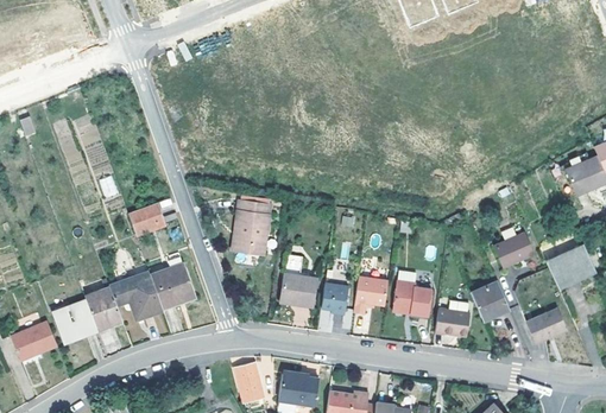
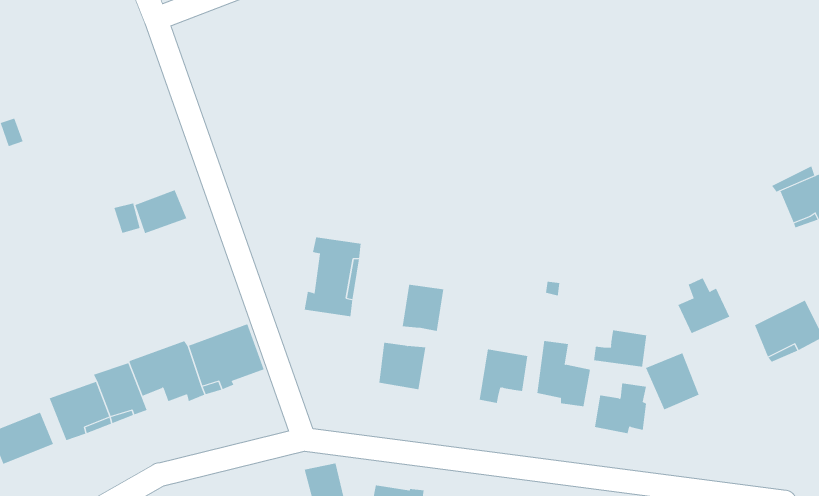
building: [128,203,165,234] -> [134,190,187,234]
building: none -> [594,330,647,367]
building: [321,278,351,311] -> [402,284,444,332]
building: [526,307,564,341] -> none

